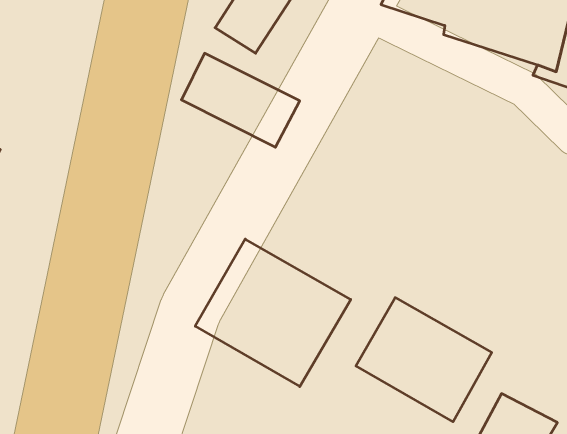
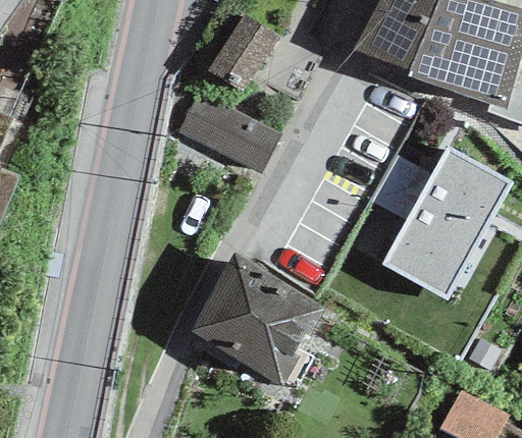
building: none -> [382,148,512,300]
building: [356,298,492,422] -> none

